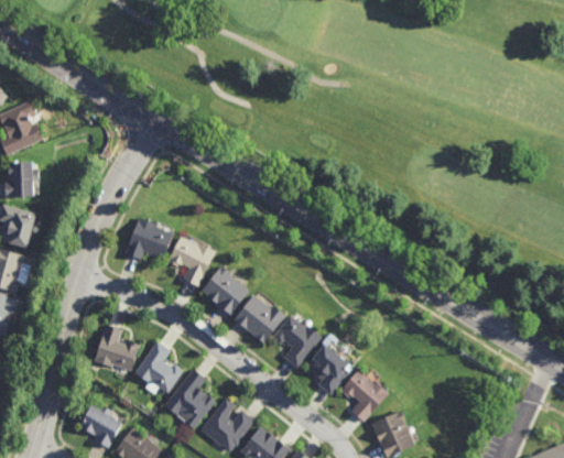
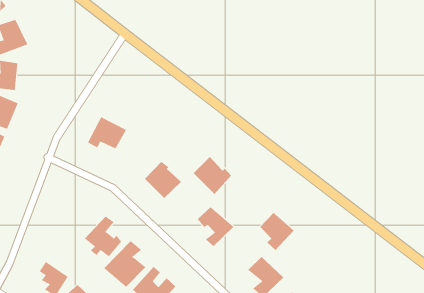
building: [170,233,214,284] -> none
building: [235,295,283,342] -> [193,156,232,195]
building: [91,326,139,370] -> none
building: [307,346,351,393] -> [259,212,295,251]

